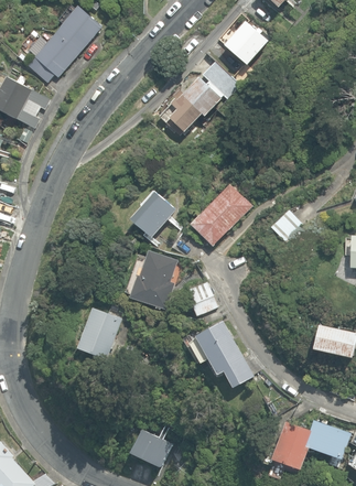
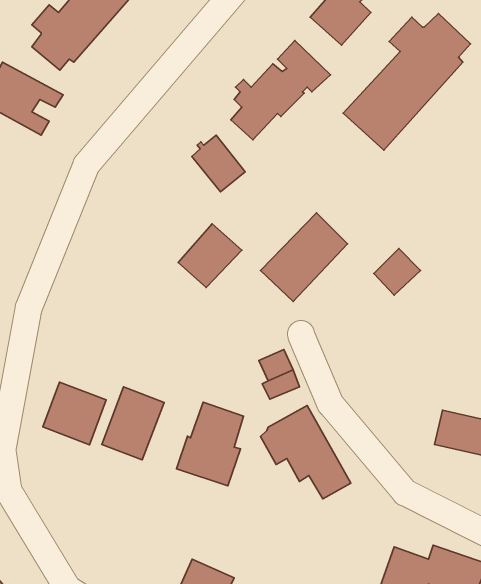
building: none -> [343,14,471,150]
building: none -> [192,135,245,192]
building: [129,250,176,310] -> [177,402,243,486]
building: none -> [43,382,106,445]

